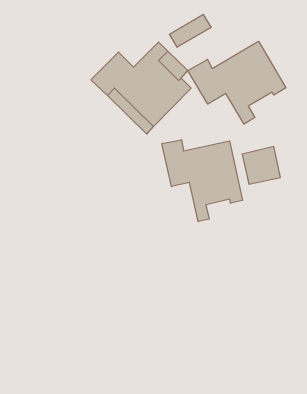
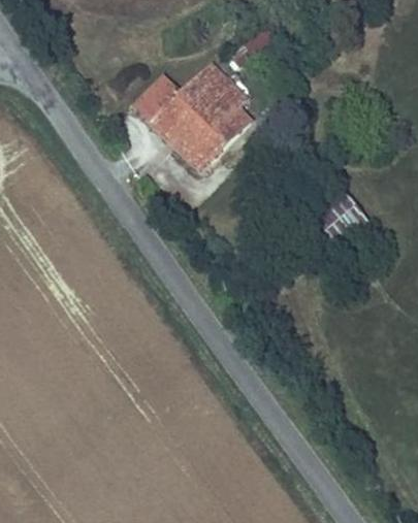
building: [188,41,286,124] -> none
building: [162,140,242,222] -> none

